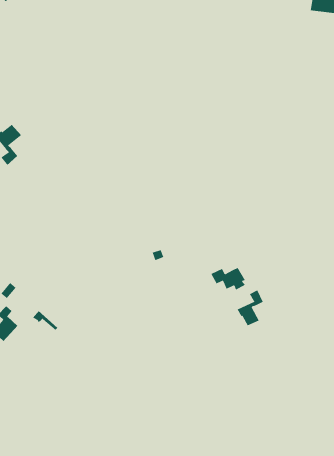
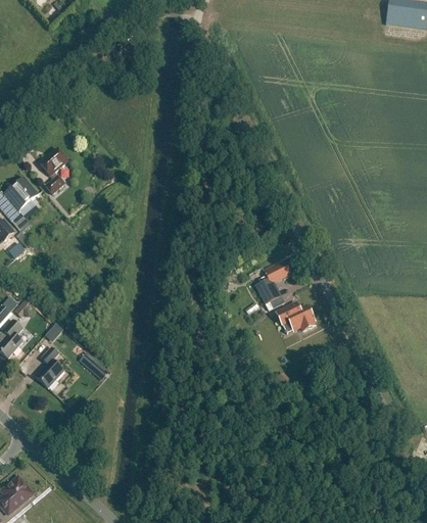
building: none -> [255,262,291,303]
building: [237,289,263,326] -> none

